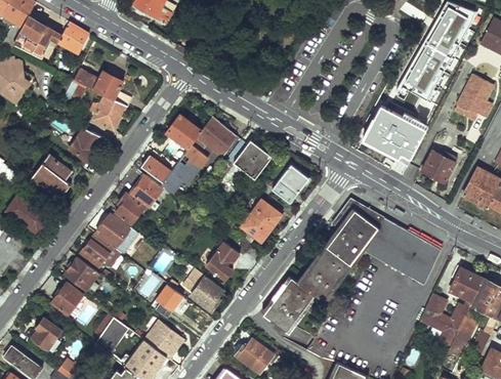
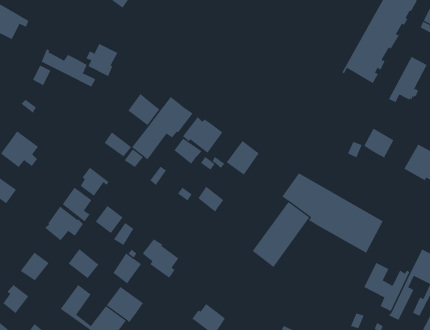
building: [58,22,89,53] -> none
building: [90,95,125,131] -> [86,43,118,77]
building: [363,107,425,163] -> none
building: [68,128,101,163] -> none
building: [132,176,163,207] -> [95,205,124,234]
building: [251,200,282,228] -> [173,138,202,165]
building: [206,243,240,281] -> none
building: [65,257,98,290] -> [68,248,99,279]
building: [449,267,483,305] -> none
building: [264,277,315,332] -> none

